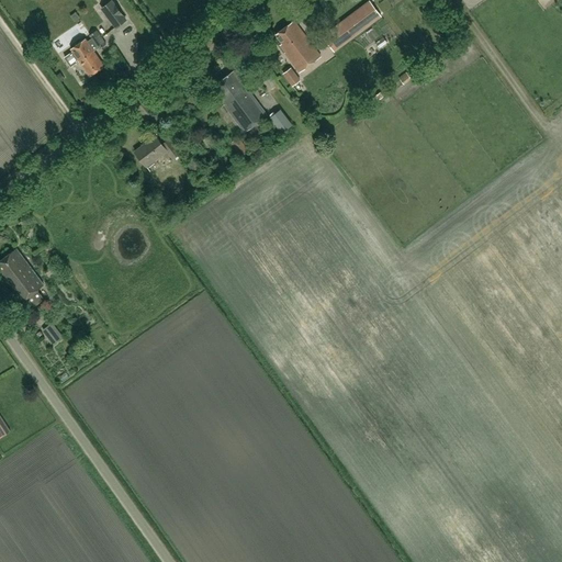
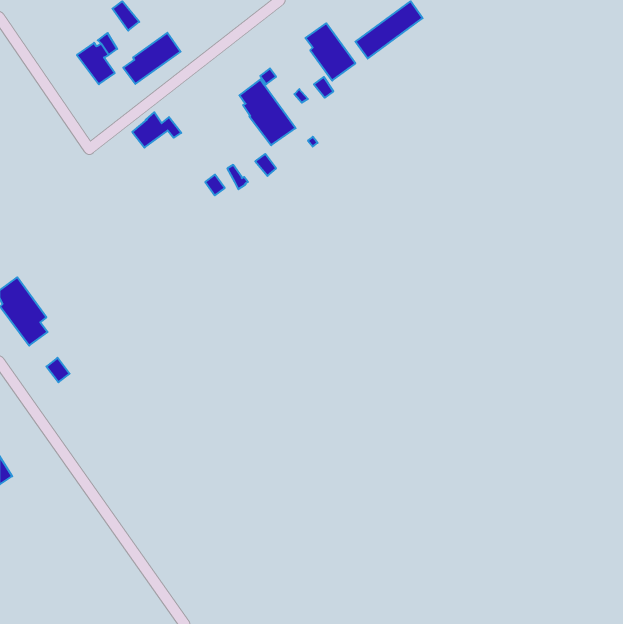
building: none -> [123,33,181,84]
building: [134,134,178,166] -> [132,112,181,148]

